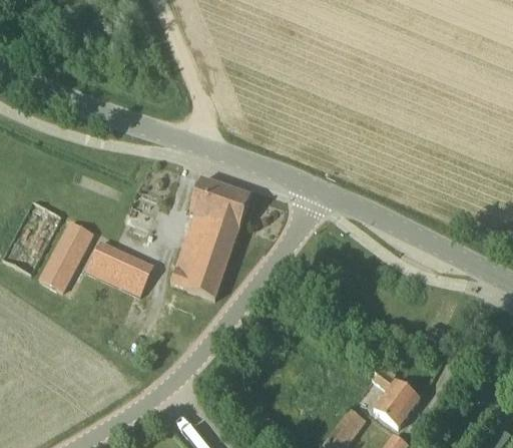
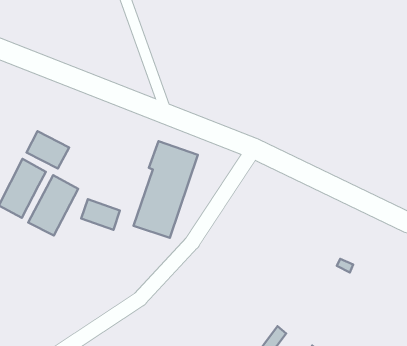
building: none -> [26,131,69,169]
building: [372,369,420,428] -> none

